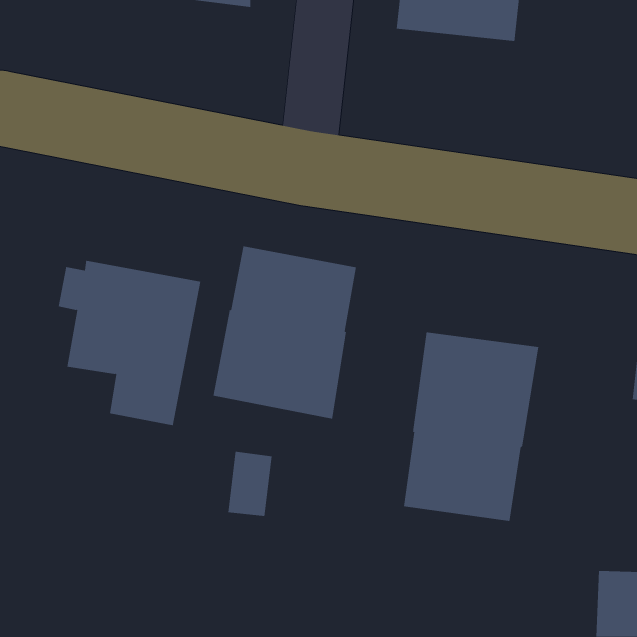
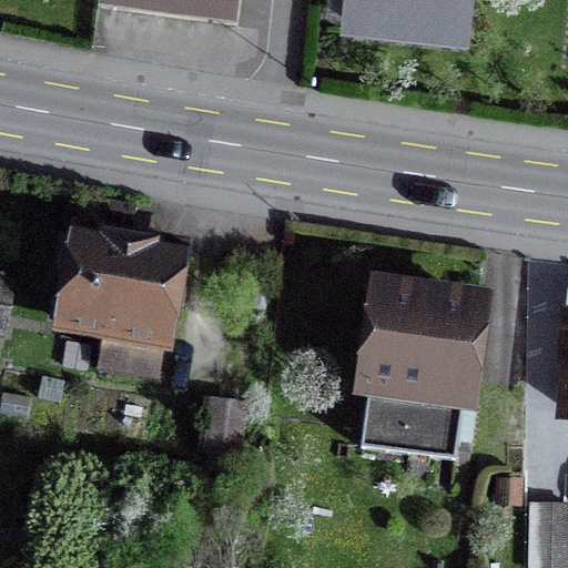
building: [213,245,356,419] -> none

